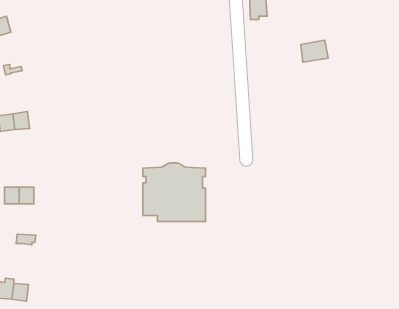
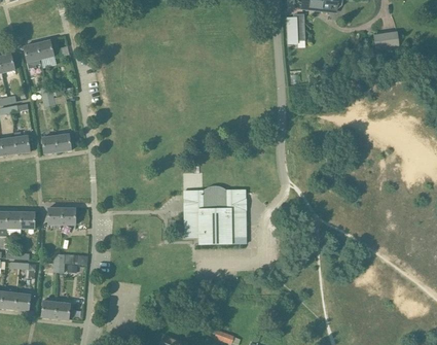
building: [301,40,328,62] -> [373,30,400,51]

